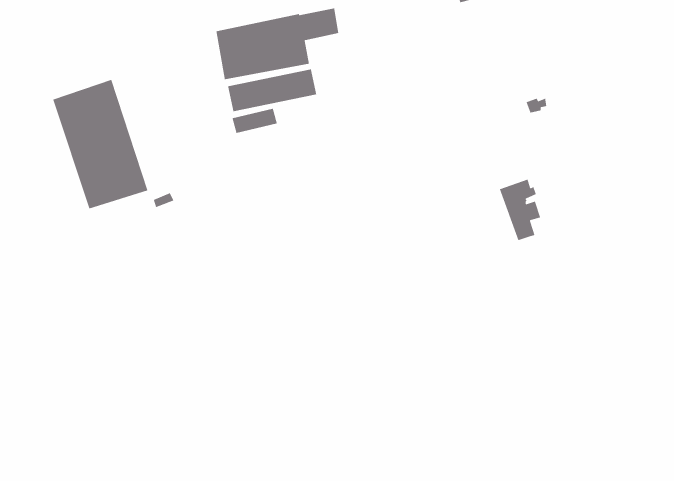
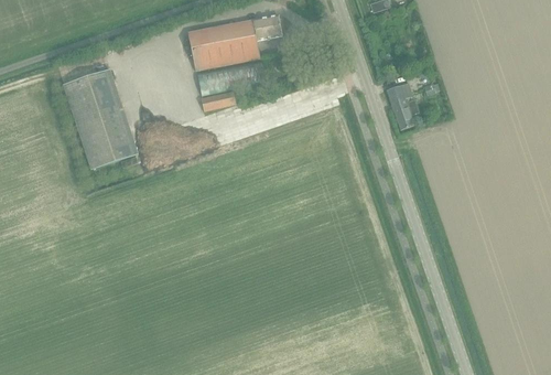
building: [499,179,541,241] -> [386,83,418,130]

